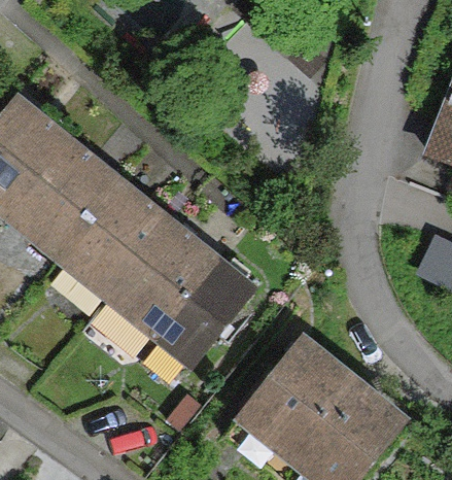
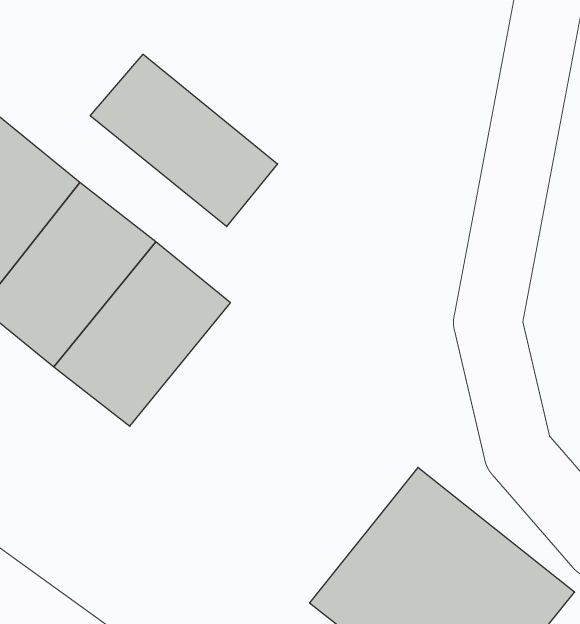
building: none -> [90,54,278,227]
building: [108,219,262,371] -> none

